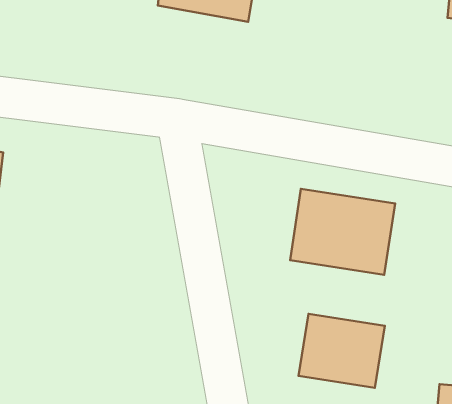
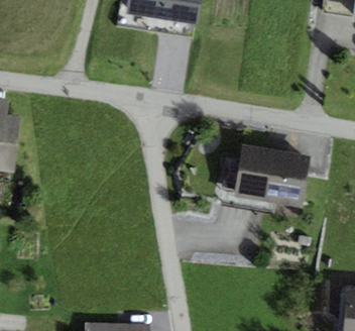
building: [298,314,385,388] -> none

